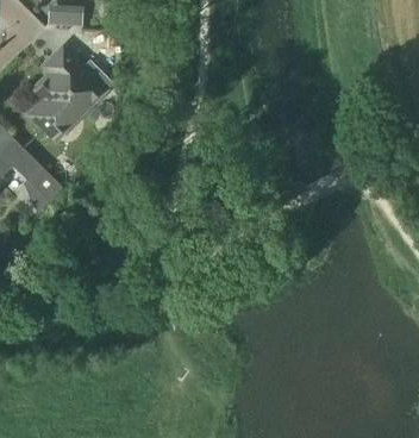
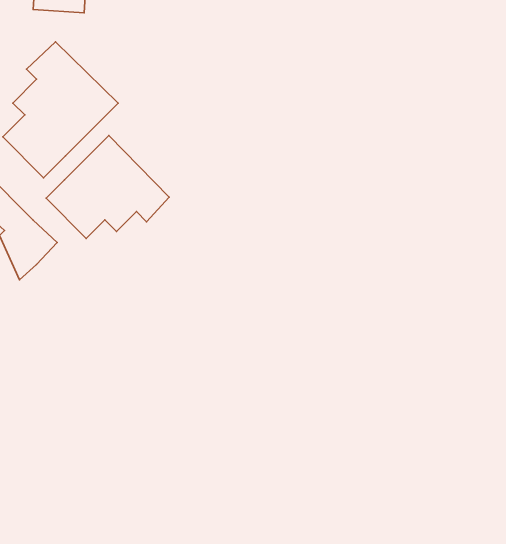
building: none -> [46,136,169,238]

